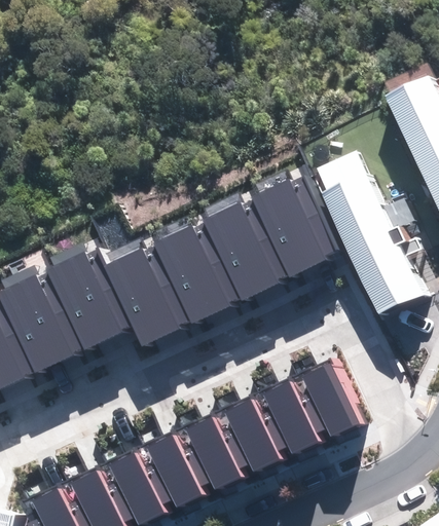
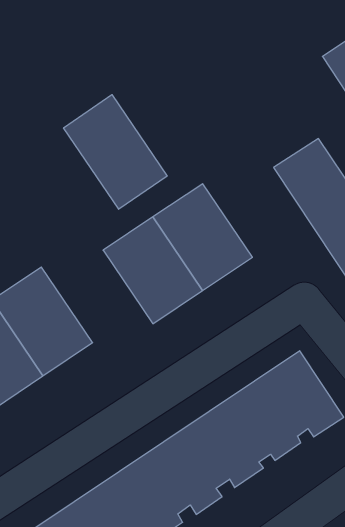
building: none -> [64,95,167,209]
building: [263,175,346,270] -> none
building: [115,242,198,338] -> none

